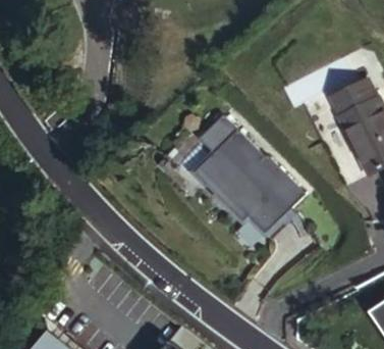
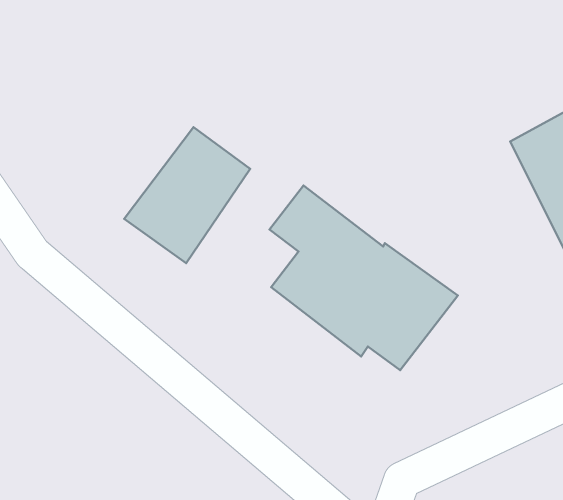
building: none -> [124,127,250,263]

